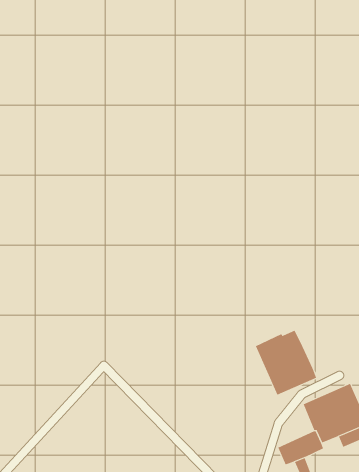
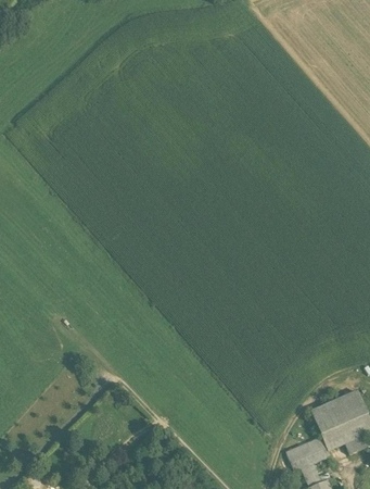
building: [255,330,317,396] -> none

